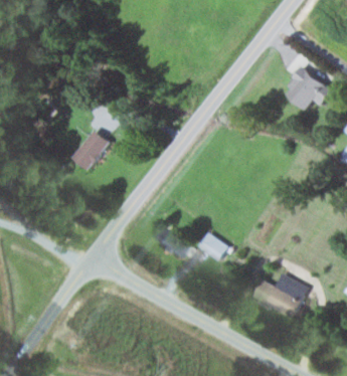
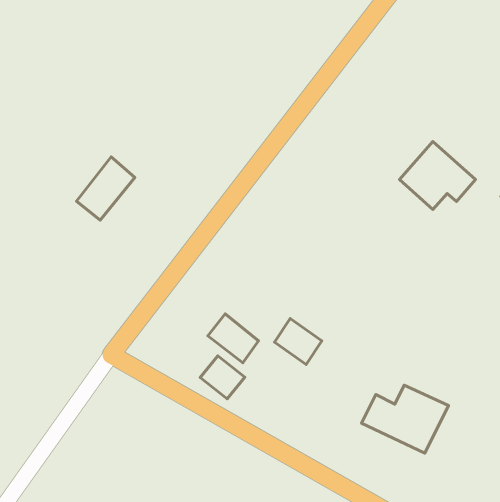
building: [284,66,332,110] -> [400,141,476,209]
building: none -> [200,356,245,399]

